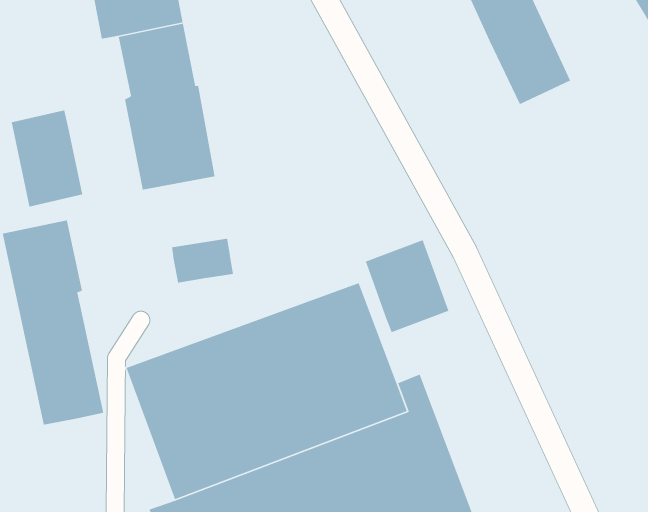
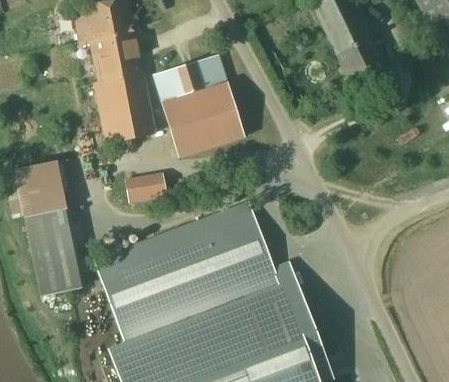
building: none -> [154,57,245,159]
building: [11,109,83,207] -> none
building: [365,239,450,333] -> none

